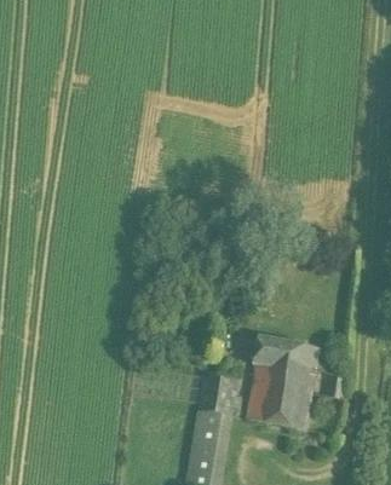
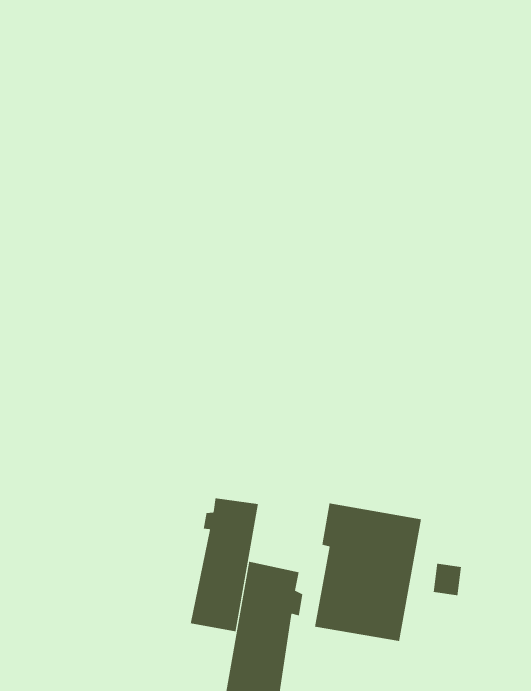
building: none -> [190,497,258,632]

